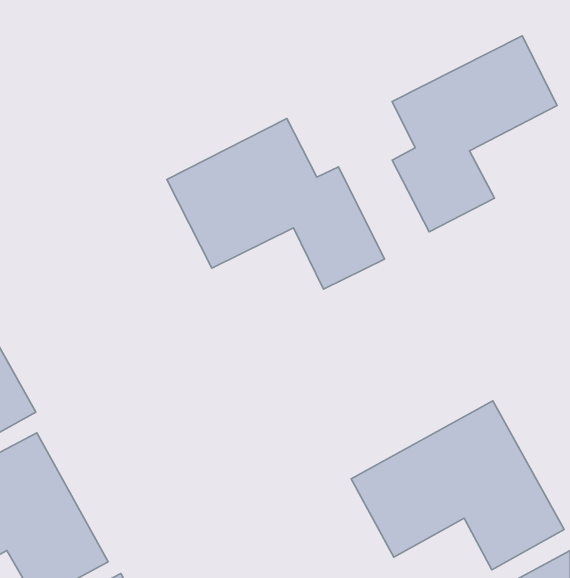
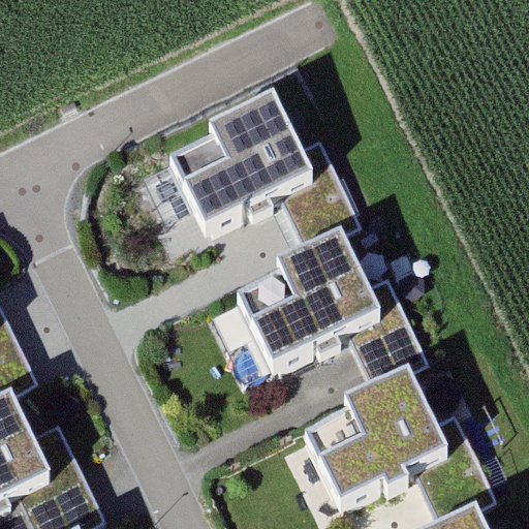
building: [392,36,557,232] -> none
building: none -> [245,229,435,381]

